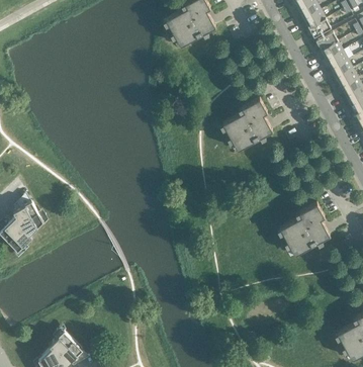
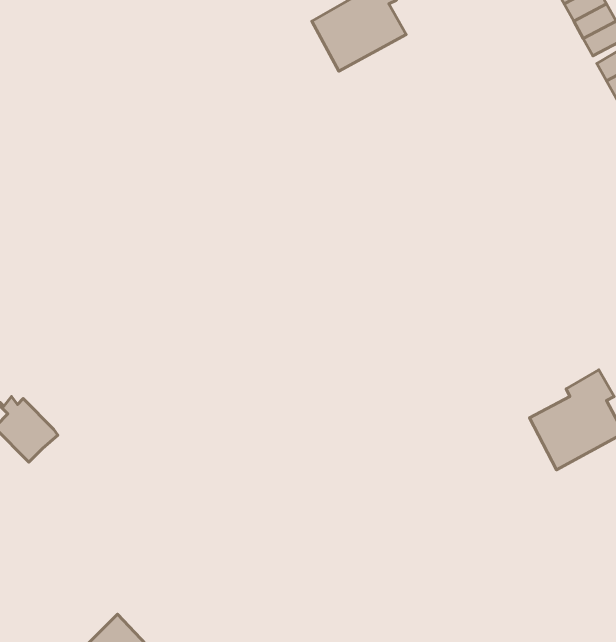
building: [222,97,272,149] -> none
building: [13,199,43,233] -> none

